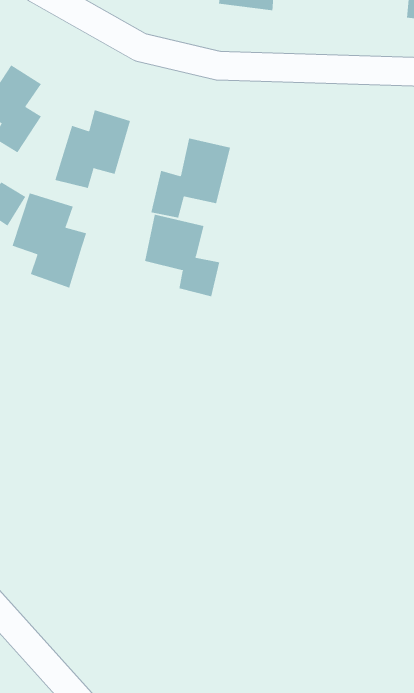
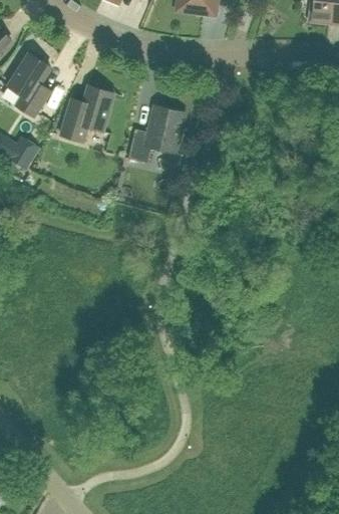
building: [12,193,87,289] -> none
building: [144,214,220,297] -> none

